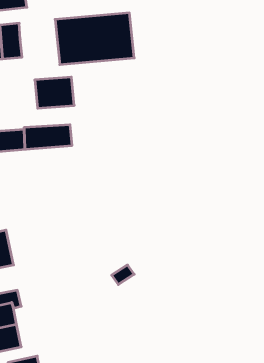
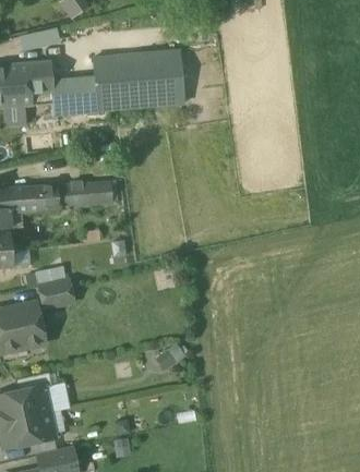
building: [35,77,74,108] -> [53,77,99,113]
building: none -> [40,279,74,307]

